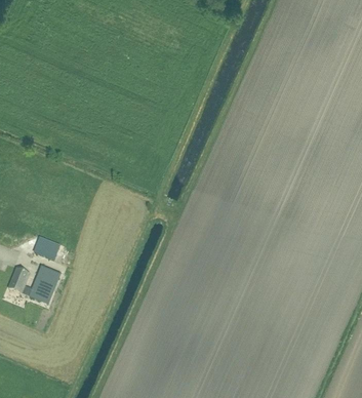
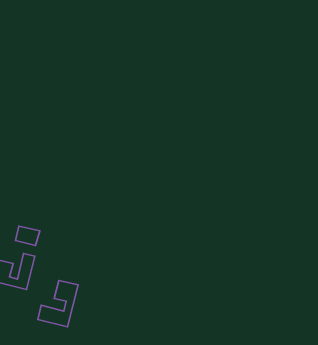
building: none -> [38,280,78,327]

